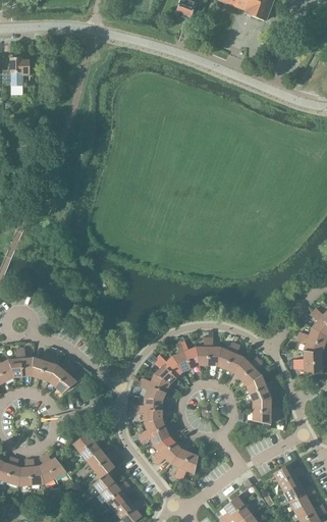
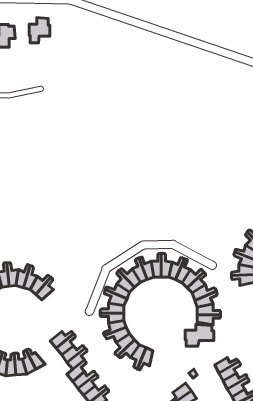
building: none -> [29,17,50,43]
building: none -> [185,325,214,346]

